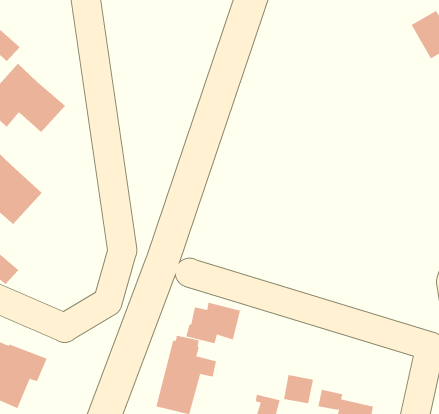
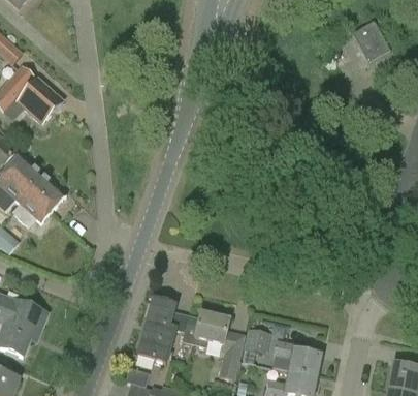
building: none -> [12,175,65,227]
building: [186,302,241,344] -> [182,312,228,347]

